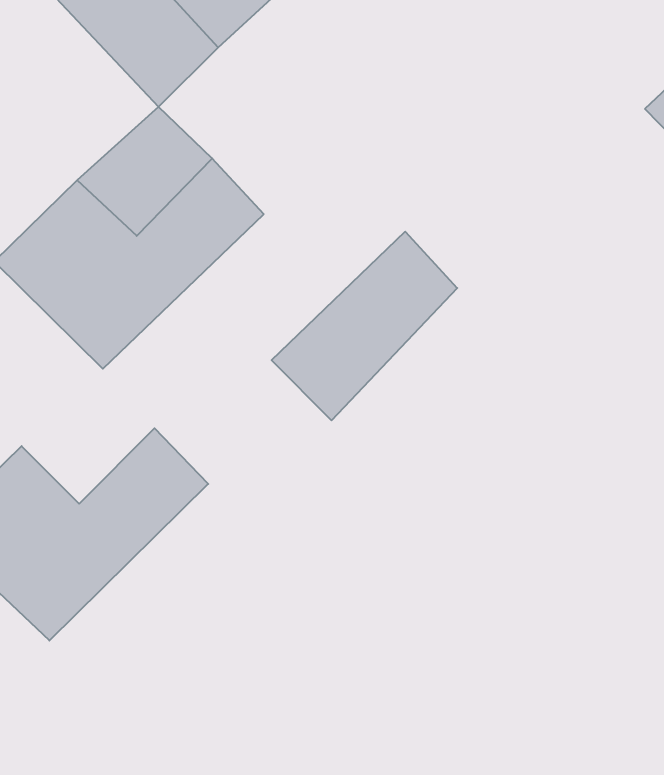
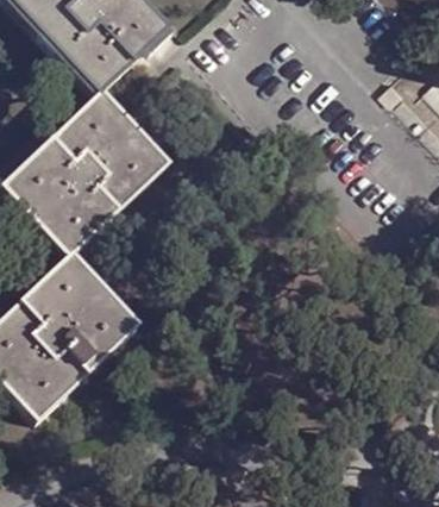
building: [272,232,457,420] -> none
building: none -> [23,251,102,332]

